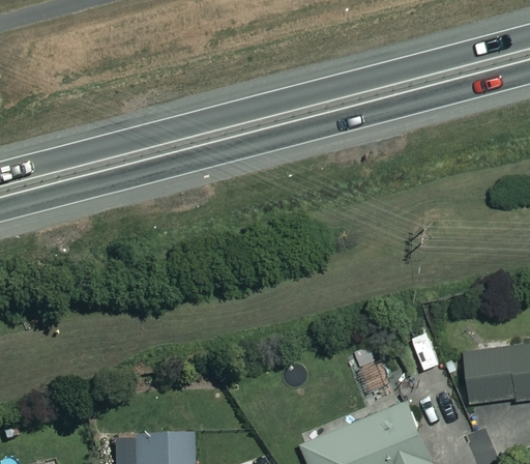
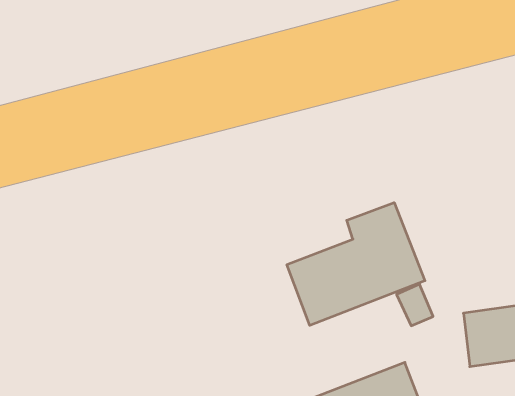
building: none -> [287,203,425,325]

